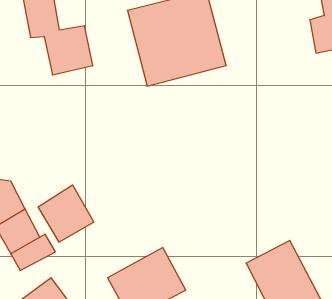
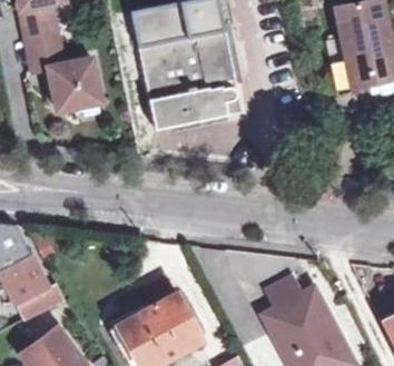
building: [38,185,94,242] -> none

